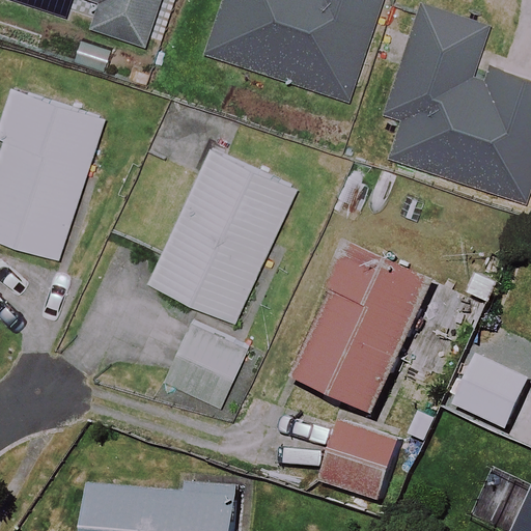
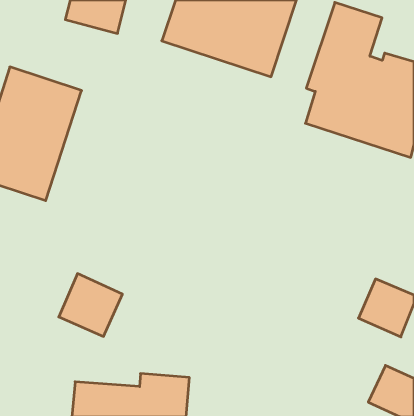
building: [150,148,295,319] -> none
building: [295,243,437,416] -> none
building: [163,324,244,403] -> [59,274,122,336]
building: [319,420,407,502] -> none

